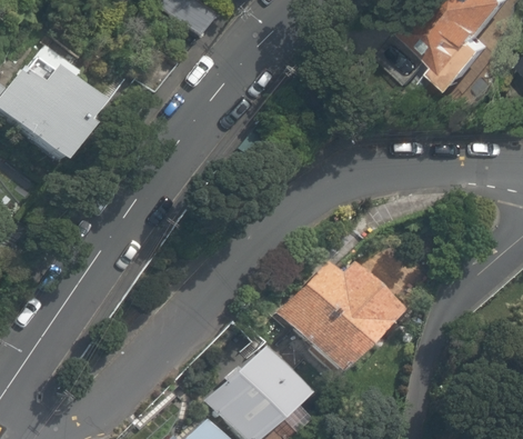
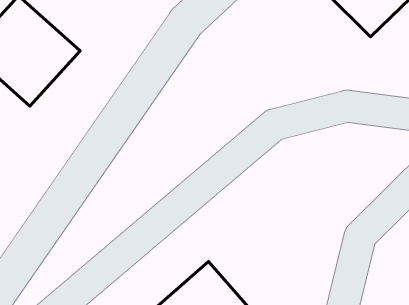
building: [281,251,404,373] -> none

